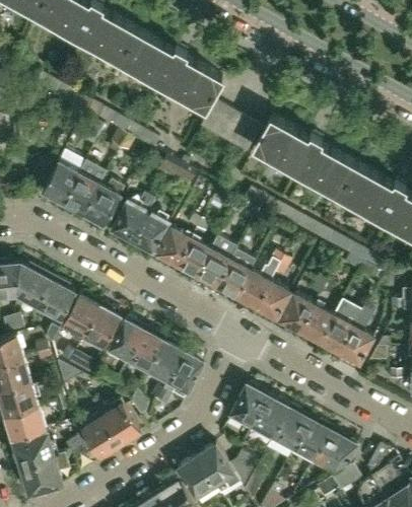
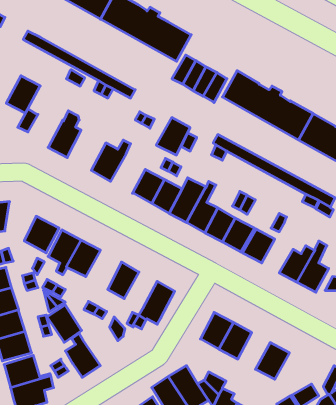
building: [41,162,78,204] -> [6,76,40,113]
building: [83,180,123,226] -> none
building: [131,211,168,252] -> [156,118,190,155]
building: [14,264,49,307] -> none
building: [298,305,333,343] -> none
building: [107,320,143,361] -> none
building: [146,342,183,382] -> none
building: [100,404,139,445] -> [47,305,82,342]
building: [272,409,307,449] -> none
building: [313,431,355,472] -> none

